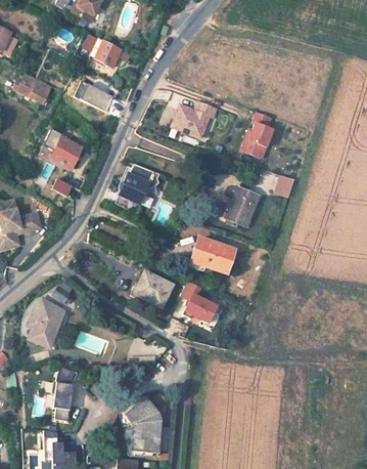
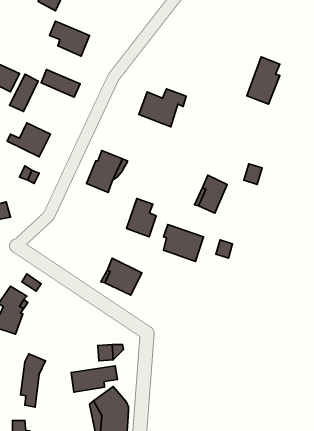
building: none -> [10,74,38,111]
building: [240,112,273,159] -> [247,57,280,104]
building: none -> [127,199,156,237]
building: [181,282,217,325] -> none
building: none -> [71,366,117,392]

